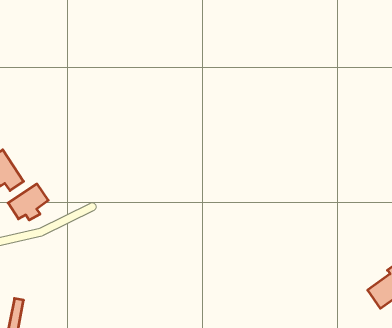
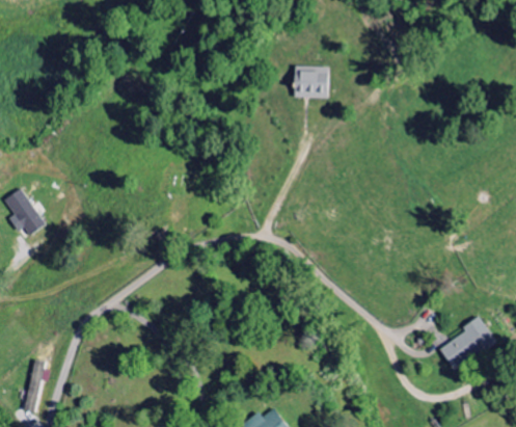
building: none -> [294,65,328,99]
building: [8,184,48,220] -> none

